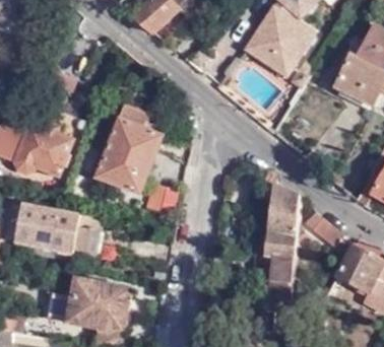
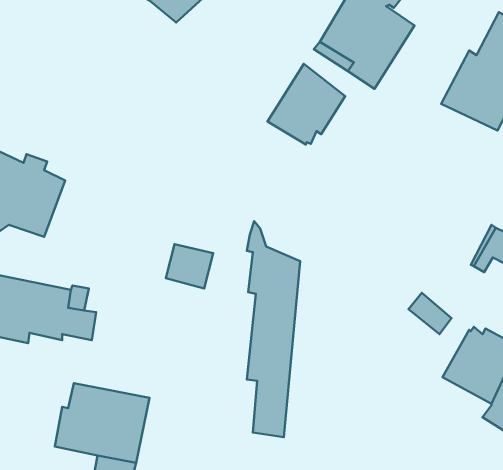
building: none -> [268,64,345,144]
building: [99,108,167,197] -> none
building: [263,165,300,314] -> [247,221,300,437]

